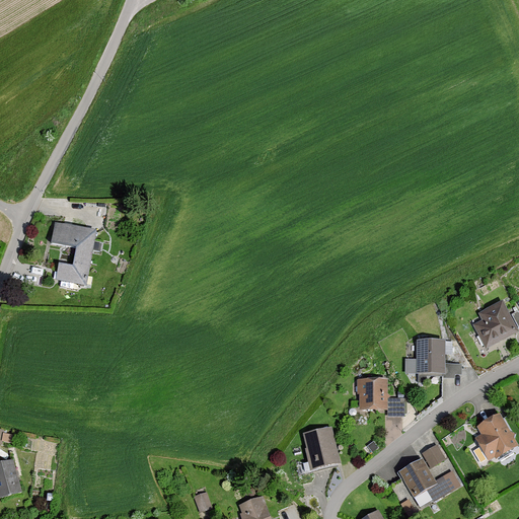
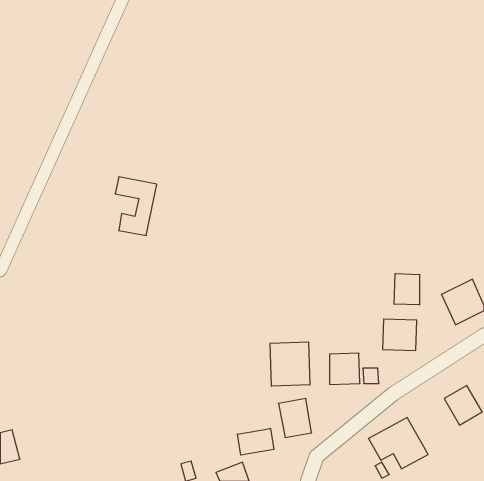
building: [53,223,97,286] -> [115,177,157,235]
building: none -> [394,274,420,305]
building: none -> [270,342,310,386]
building: none -> [237,428,274,455]

